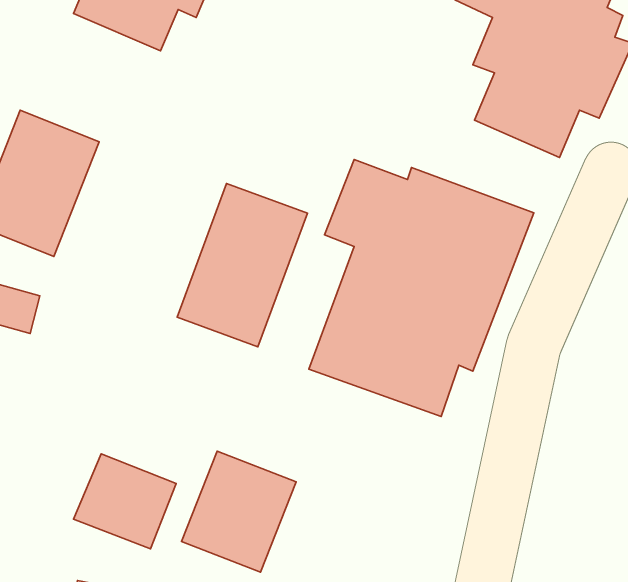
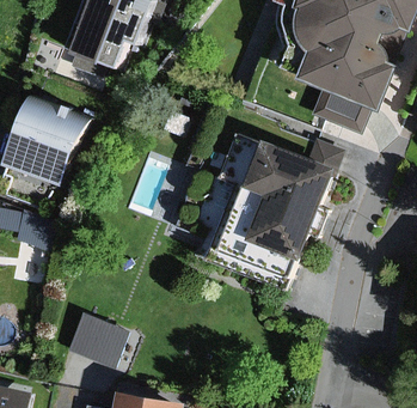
building: [177,184,307,347] -> none
building: [182,451,296,572] -> none

